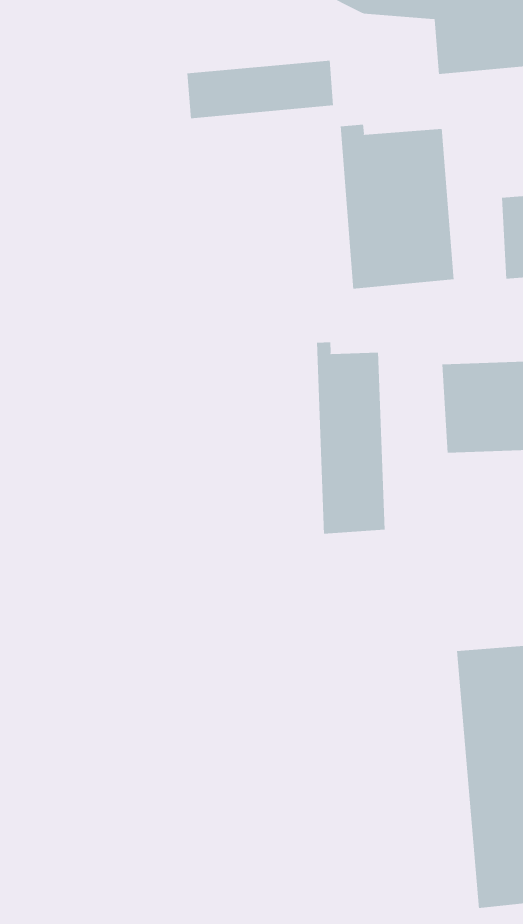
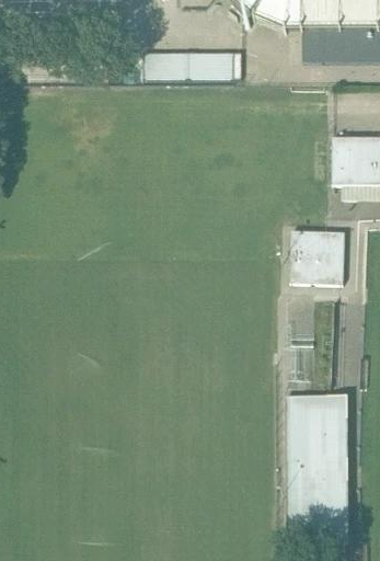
building: [340,124,454,290] -> none
building: [316,341,385,534] -> none

